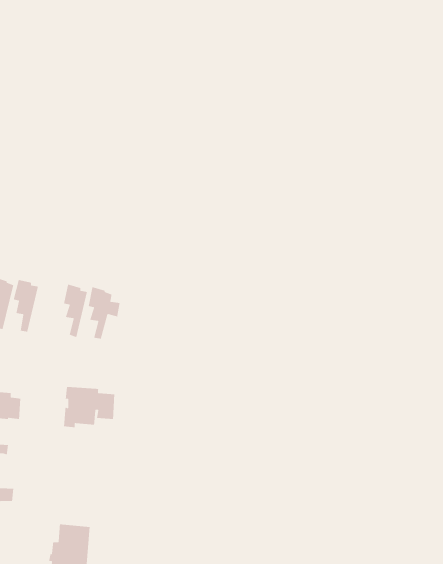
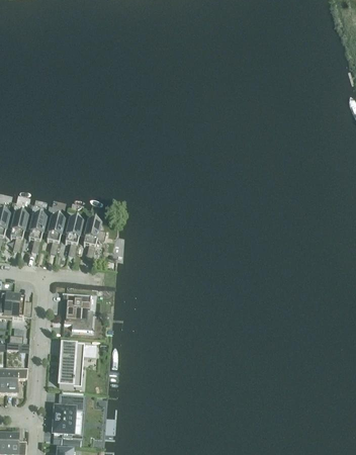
building: none -> [45,215,63,255]
building: none -> [58,342,95,386]

